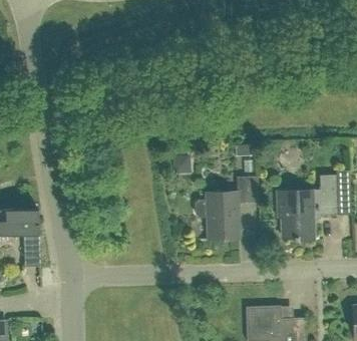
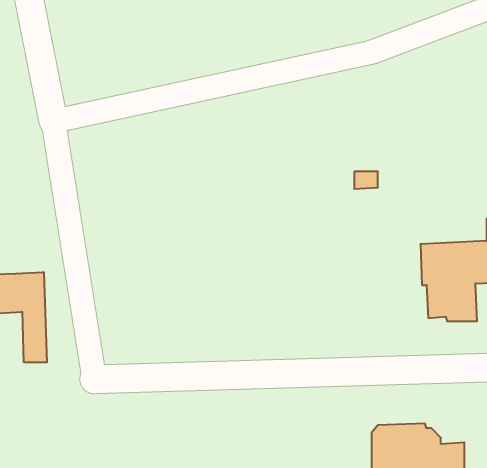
building: [196,176,259,239] -> none

